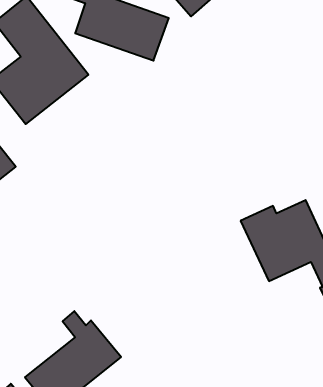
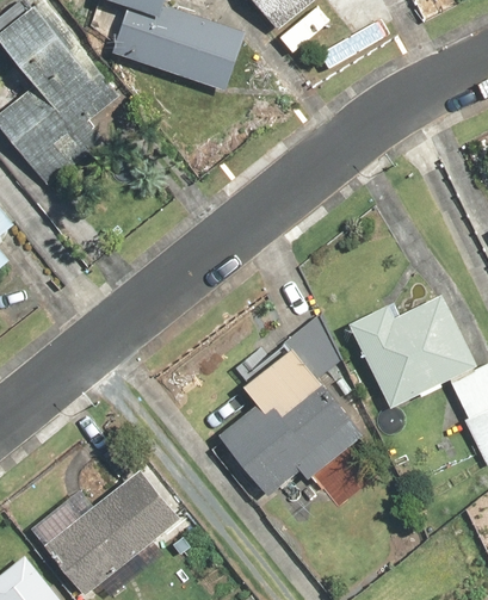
building: none -> [218,317,365,506]

